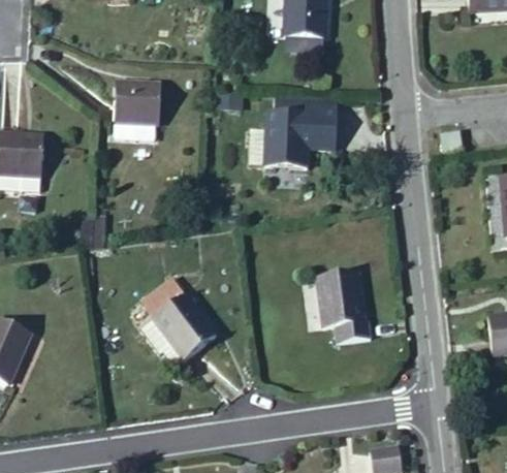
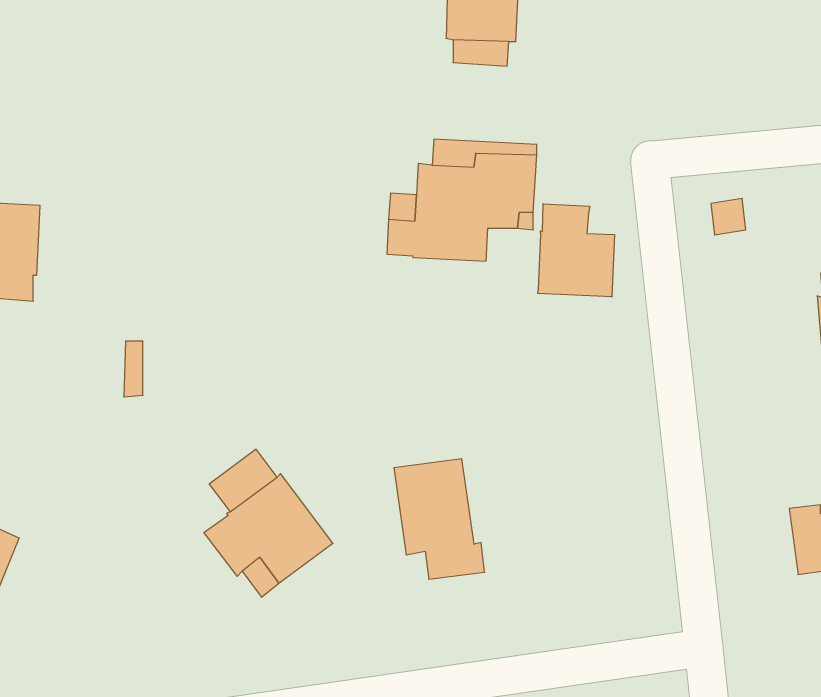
building: [114,82,160,139] -> none
building: none -> [538,204,615,297]
building: [317,272,371,343] -> [394,459,485,579]

